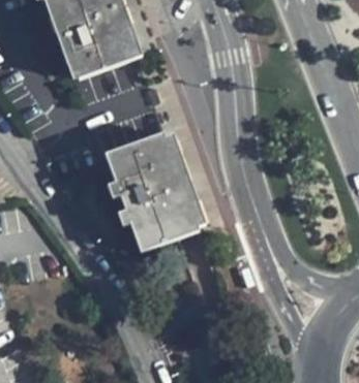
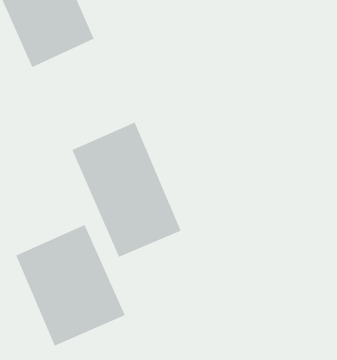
building: none -> [15,224,126,347]

